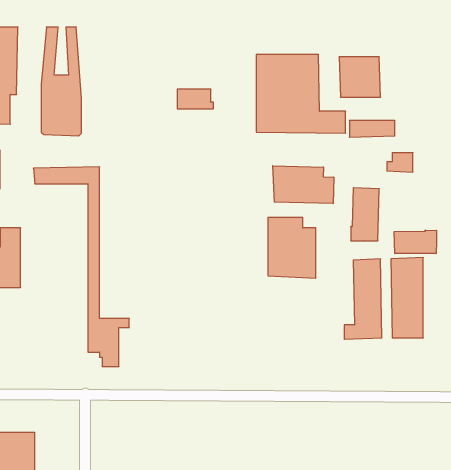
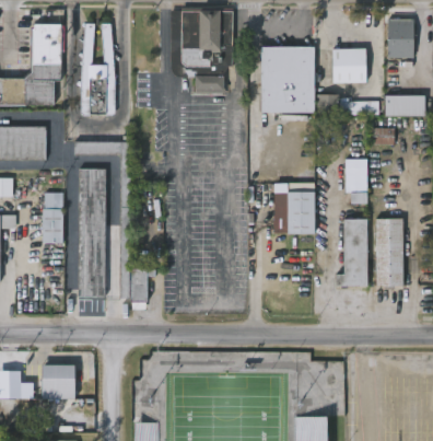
building: none -> [180,5,234,66]
building: none -> [388,19,414,57]
building: none -> [383,95,422,115]
building: [273,166,334,204] -> none
building: none -> [74,170,104,298]
building: [394,230,437,254] -> none

